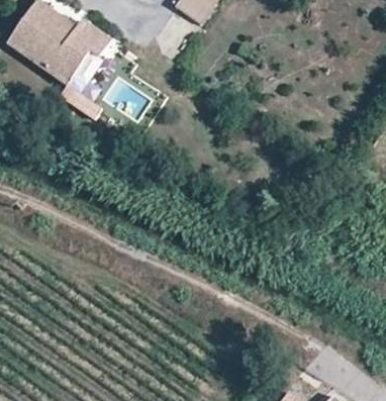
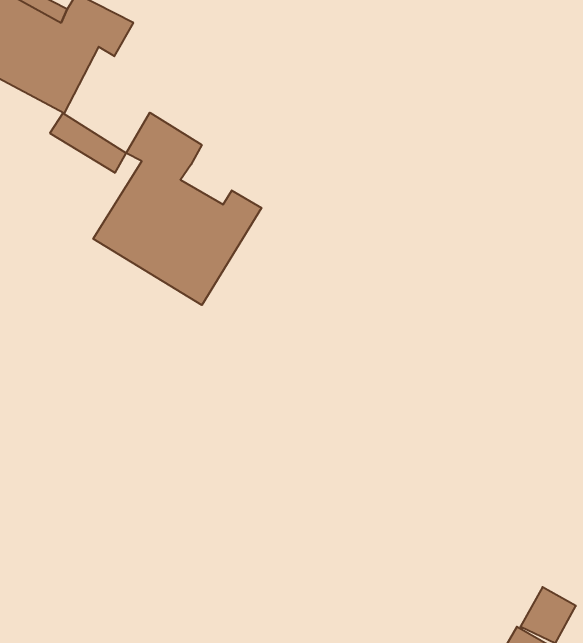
building: none -> [93,113,261,305]

